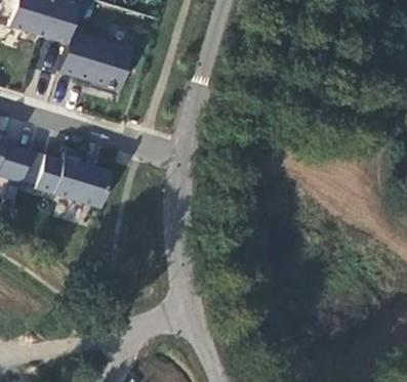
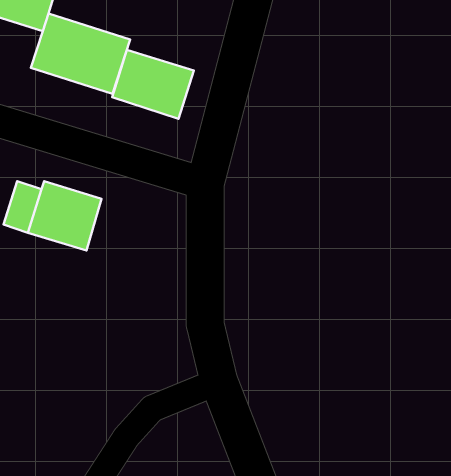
building: none -> [112,50,194,119]

